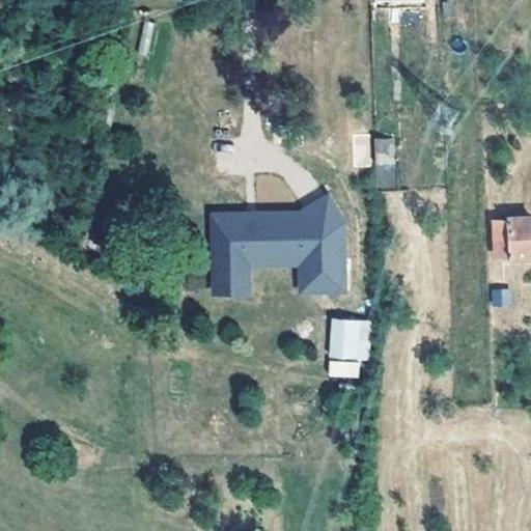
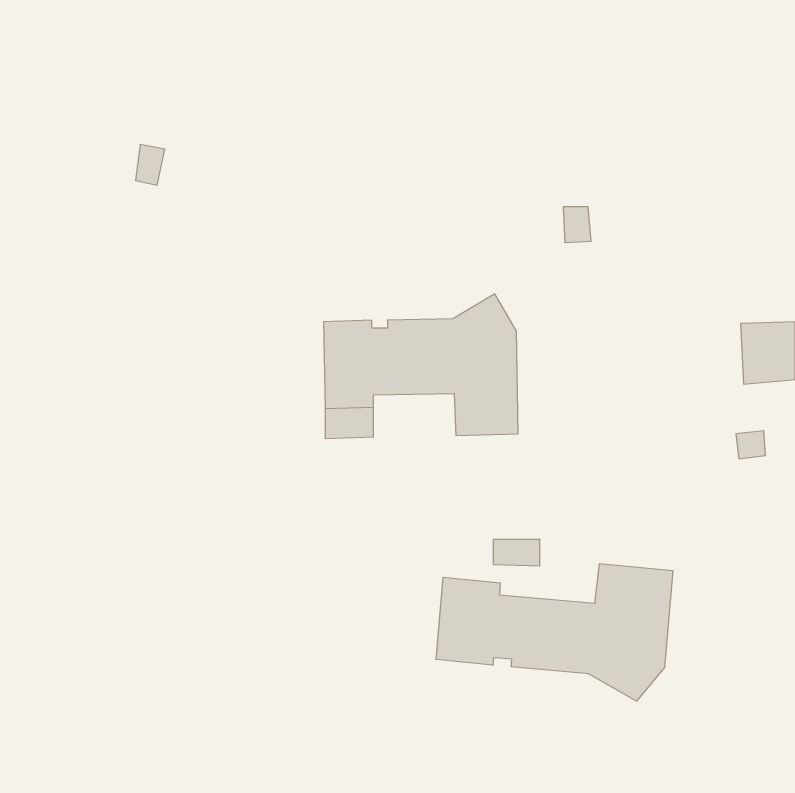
building: [331,319,370,357] -> none
building: none -> [436,564,673,701]

